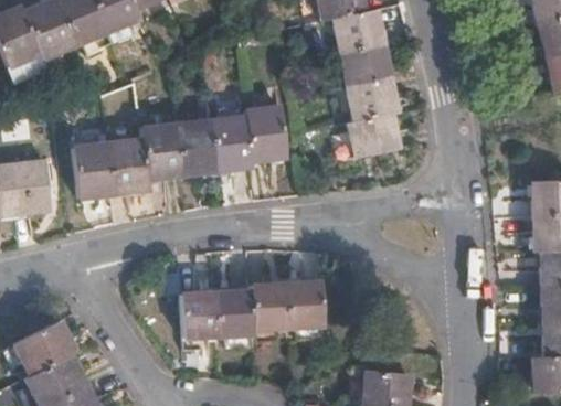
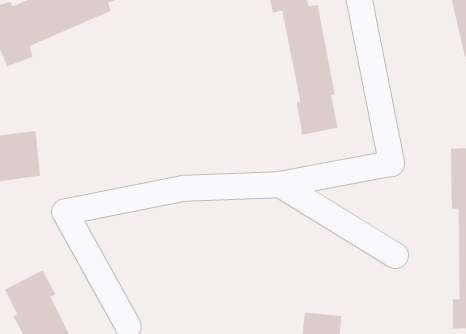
building: [75,109,286,199] -> none
building: [179,288,318,336] -> none

